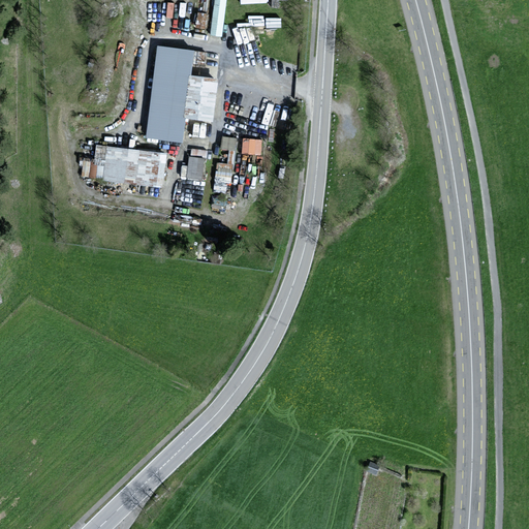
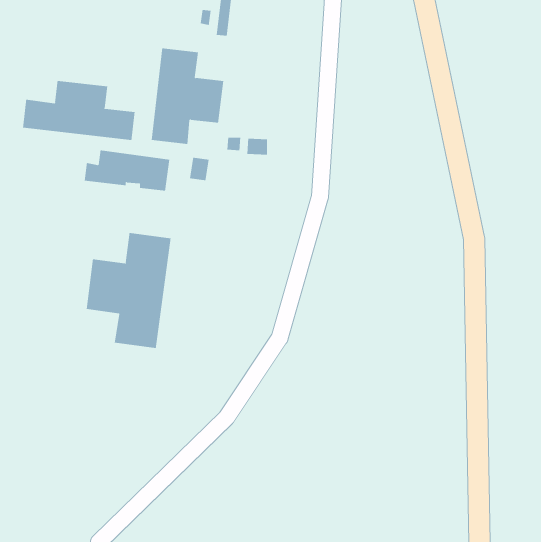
building: none -> [22,80,135,141]
building: none -> [86,232,171,349]

